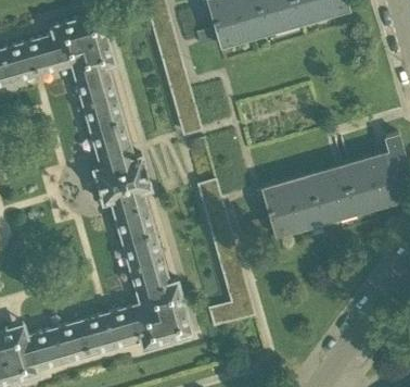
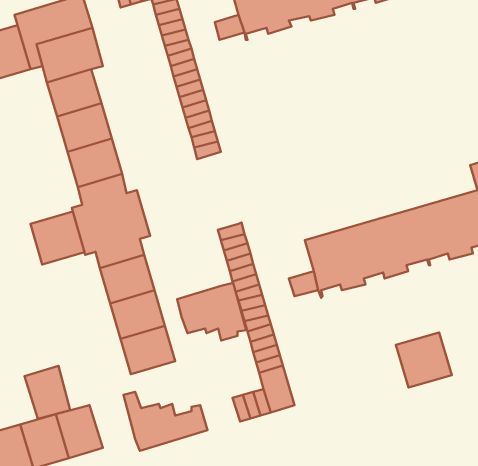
building: none -> [31,212,84,264]
building: none -> [396,332,452,388]
building: [134,279,185,322] -> [177,283,246,340]
building: [104,307,138,346] -> [25,366,70,419]

